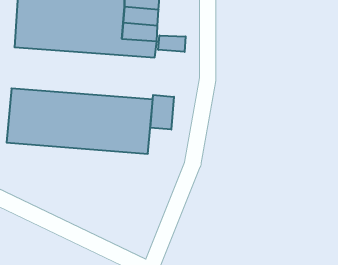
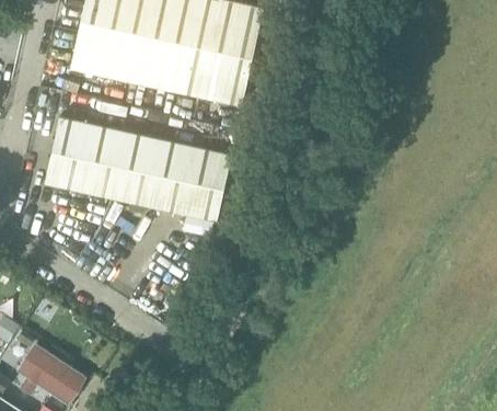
building: [158,35,186,52] -> none
building: [151,95,174,130] -> none

